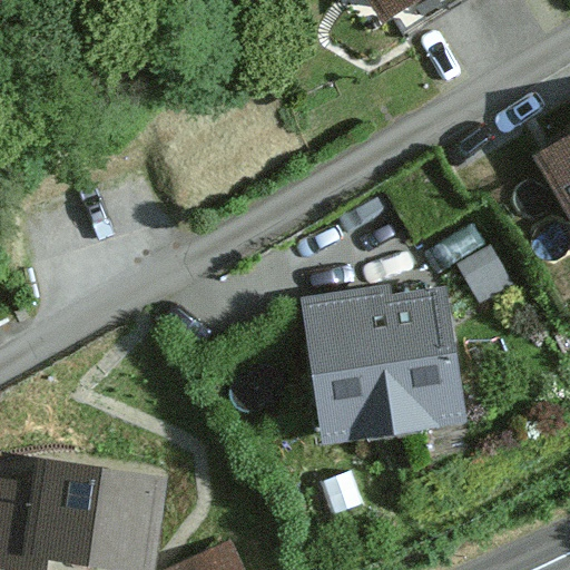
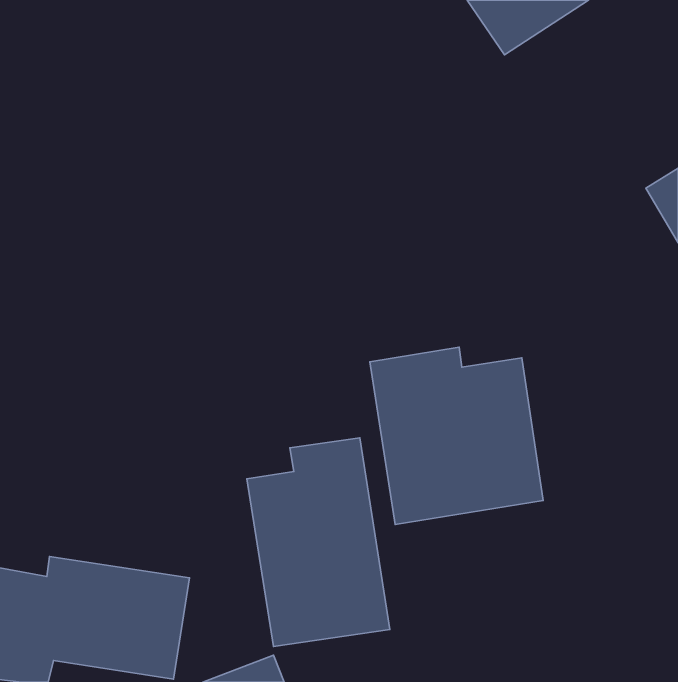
building: none -> [247,438,390,647]

